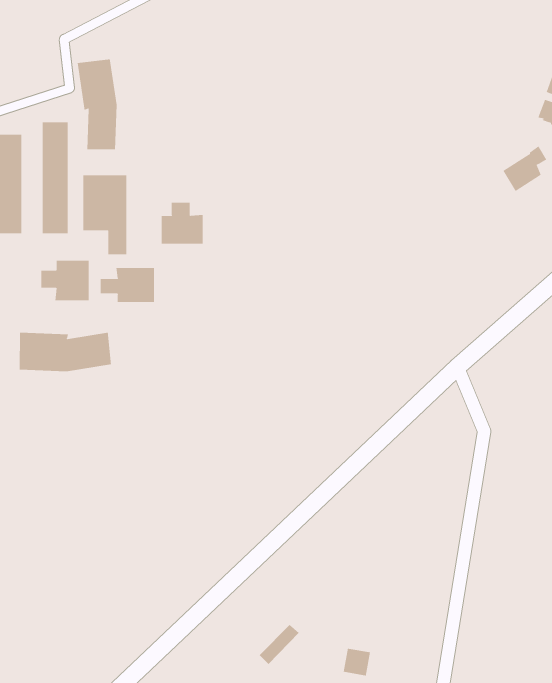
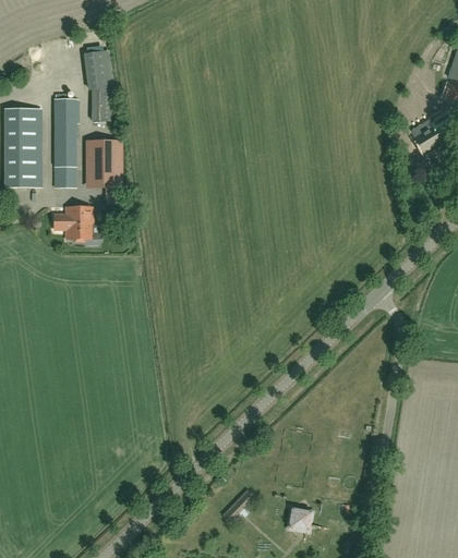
building: [161,202,203,244] -> none
building: [100,267,154,303] -> none
building: [19,332,111,372] -> none

